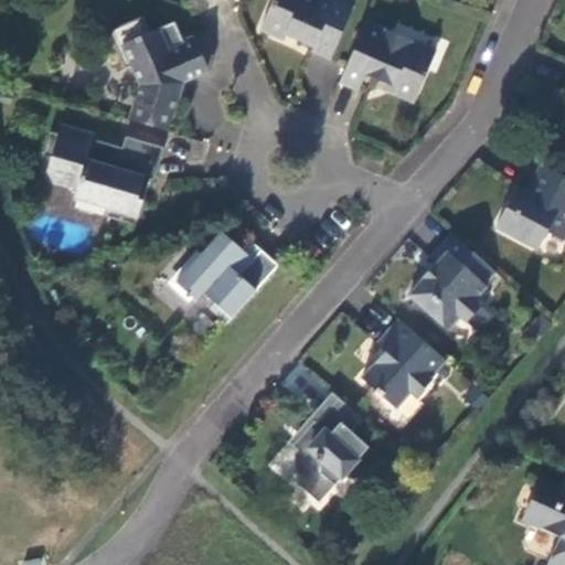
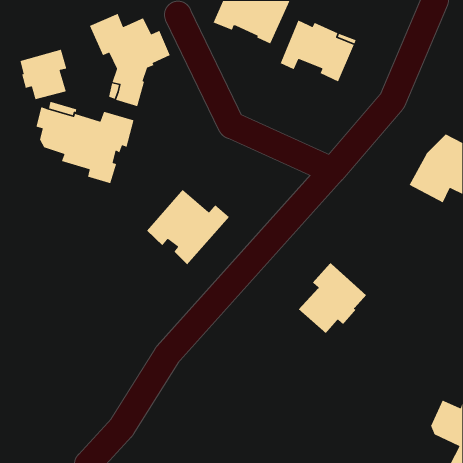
building: none -> [20,48,69,100]
building: [409,232,497,328] -> none
building: [292,396,369,501] -> none

